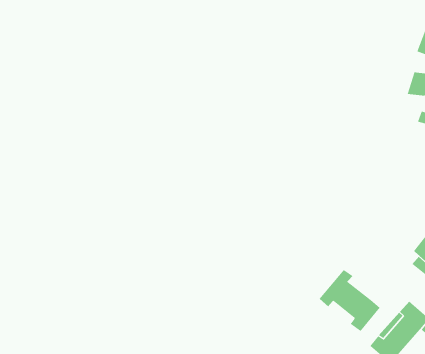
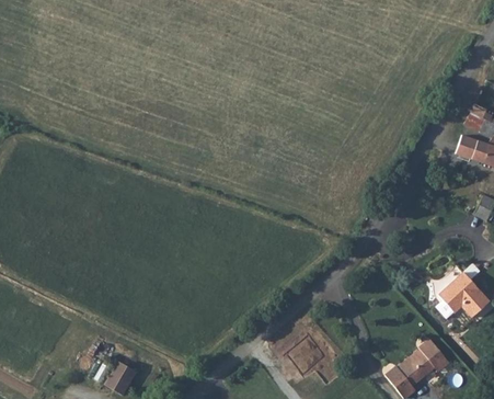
building: [319,269,380,332] -> none

